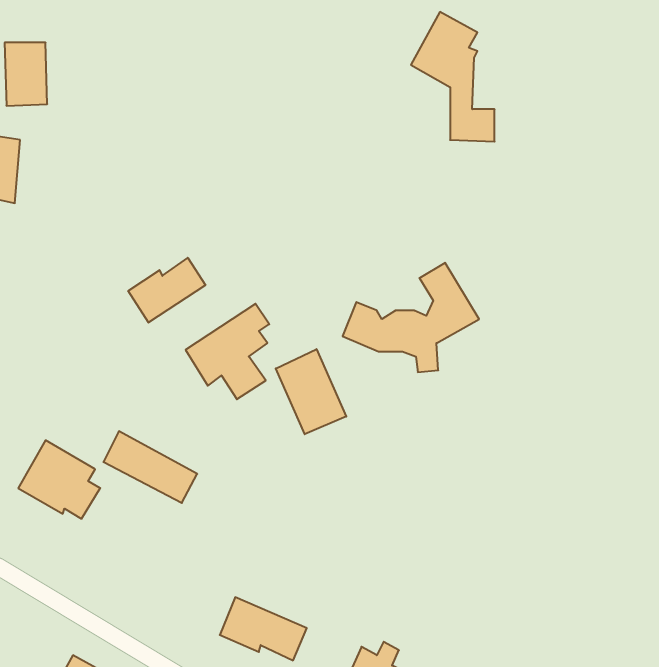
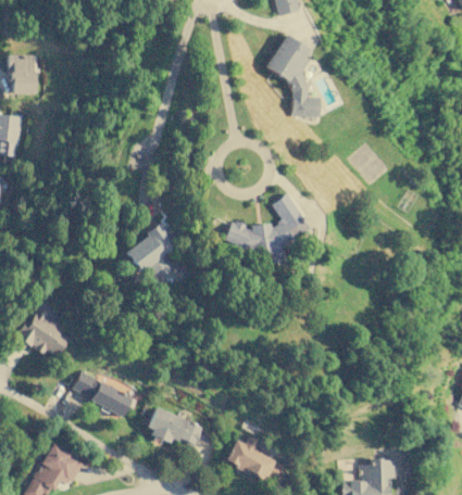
building: [128,258,205,323] -> none
building: [276,349,346,434] -> none
building: [103,431,197,503] -> [72,370,132,416]

